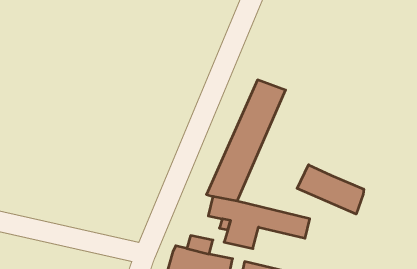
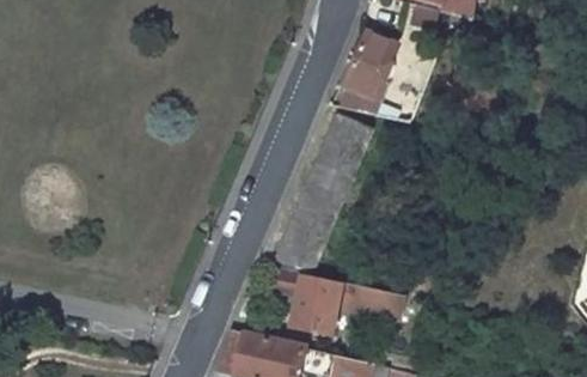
building: none -> [342,37,398,116]
building: [297,165,364,214] -> none

